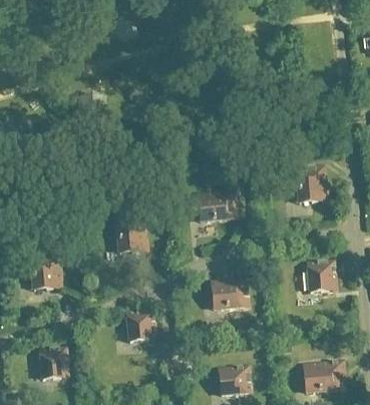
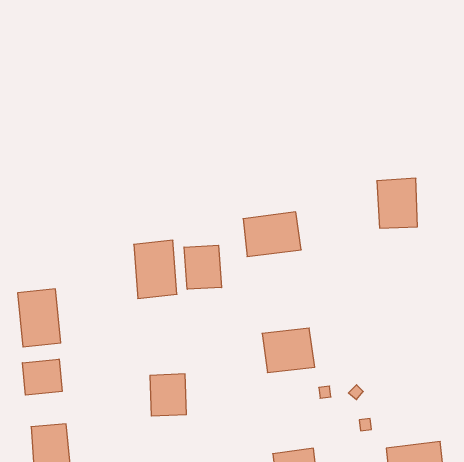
building: none -> [184,245,222,289]
building: [307,260,336,293] -> none
building: none -> [22,359,62,395]

